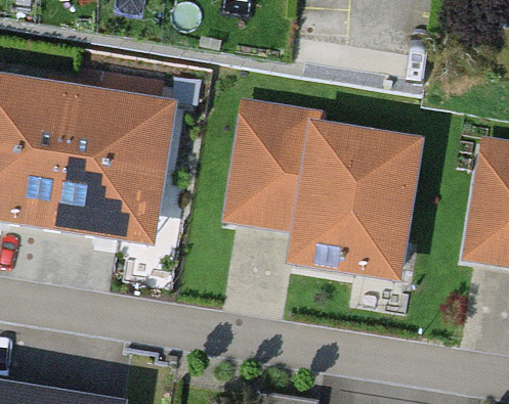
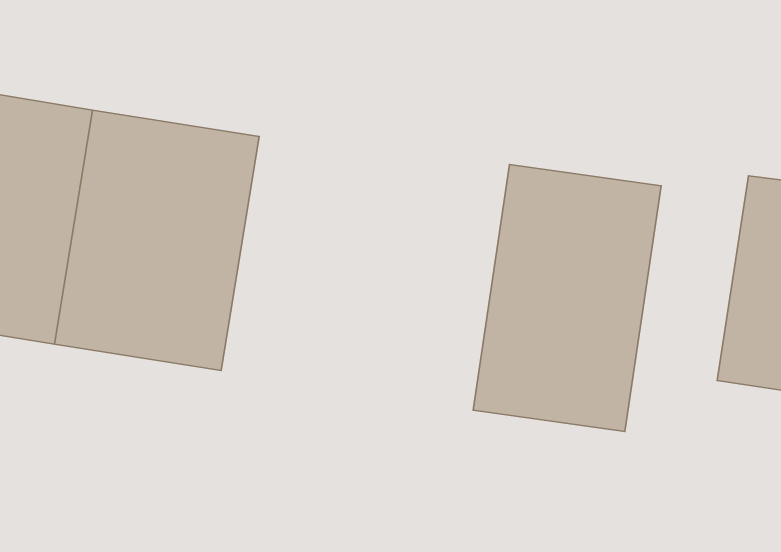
building: [222,90,330,230] -> none

